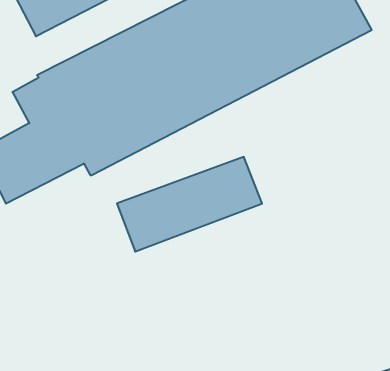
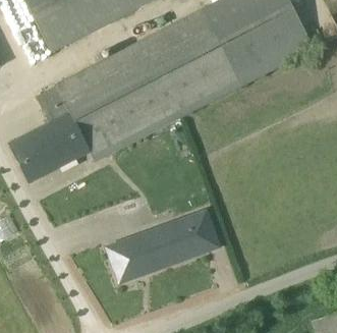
building: [117,157,262,252] -> [106,209,220,283]

